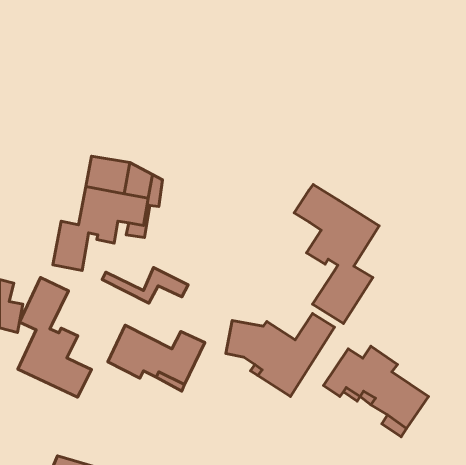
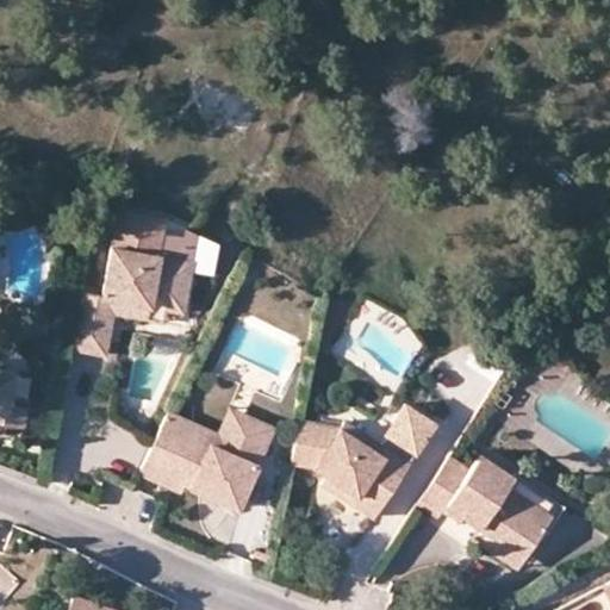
building: [294,184,379,324] -> none
building: [102,268,188,303] -> [163,411,275,458]
building: [18,278,91,397] -> none

